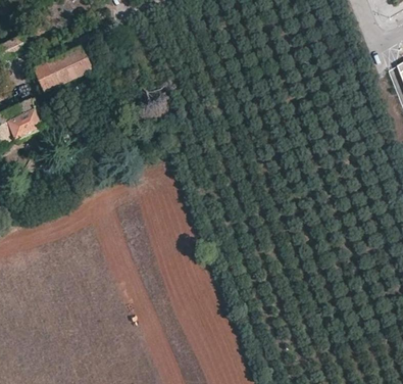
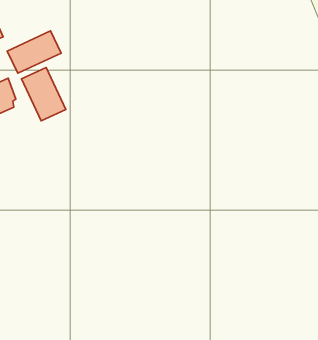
building: none -> [22,68,66,121]

